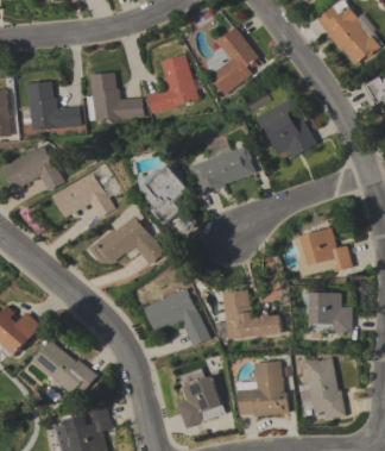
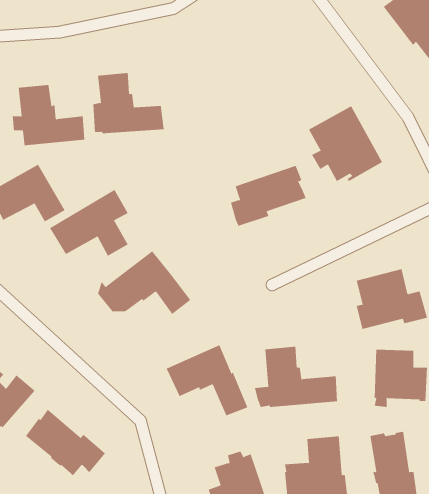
building: [203,26,258,94] -> none
building: [145,54,197,113] -> none
building: [139,162,191,225] -> none

